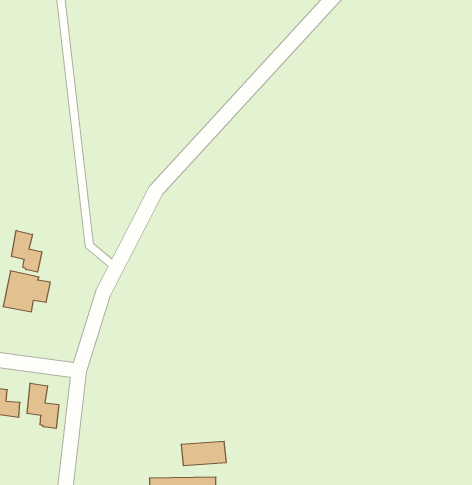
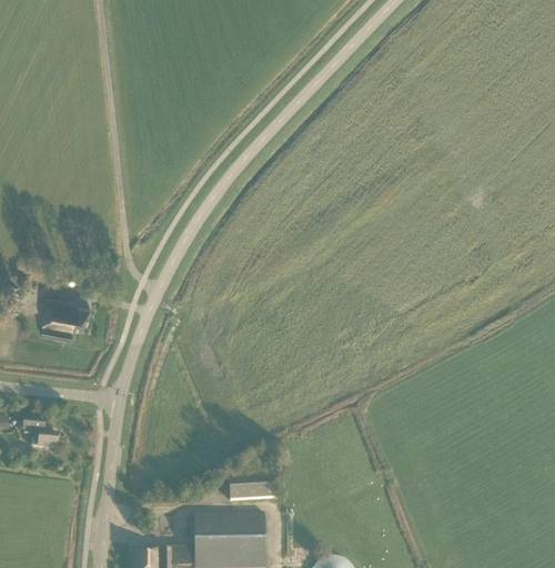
building: [11,230,42,272] -> none
building: [27,383,59,428] -> none

